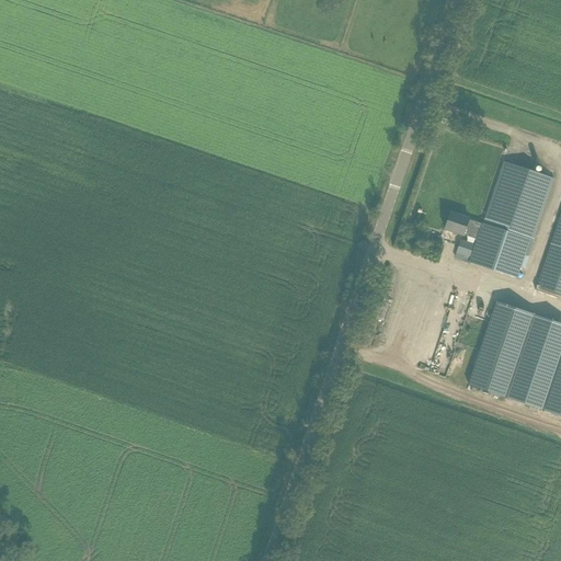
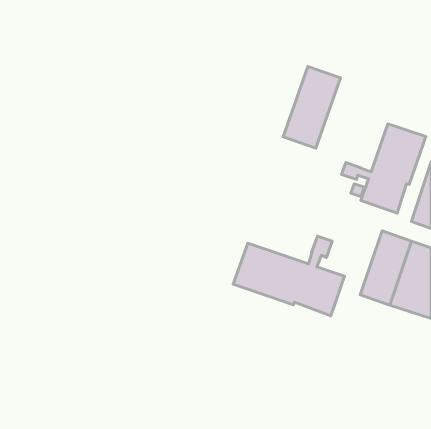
building: none -> [283,66,340,148]
building: none -> [233,236,344,316]

